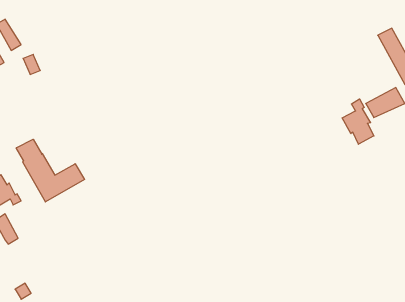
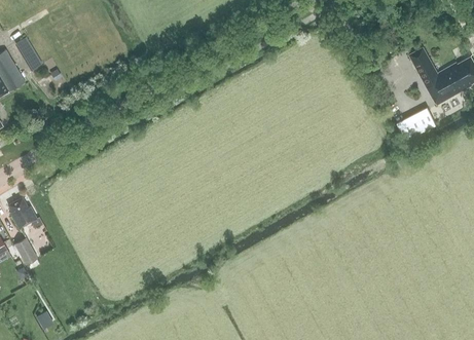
building: [342,99,374,144] -> none
building: [16,139,85,202] -> none

